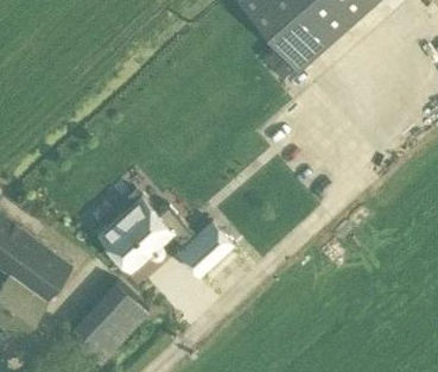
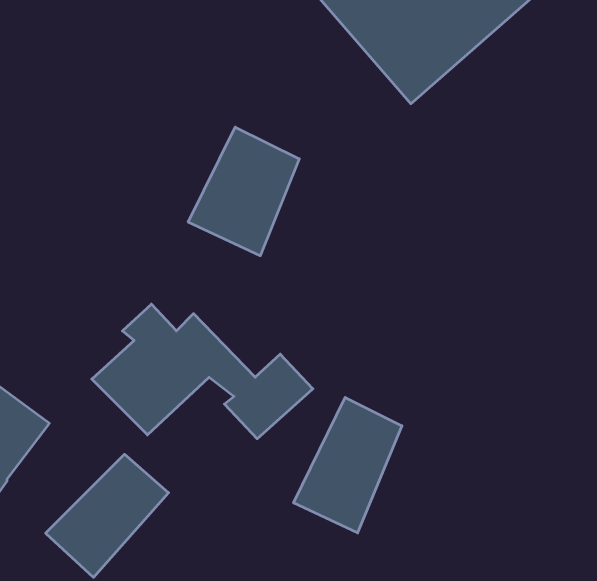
building: none -> [188,127,299,256]
building: none -> [294,397,402,533]

